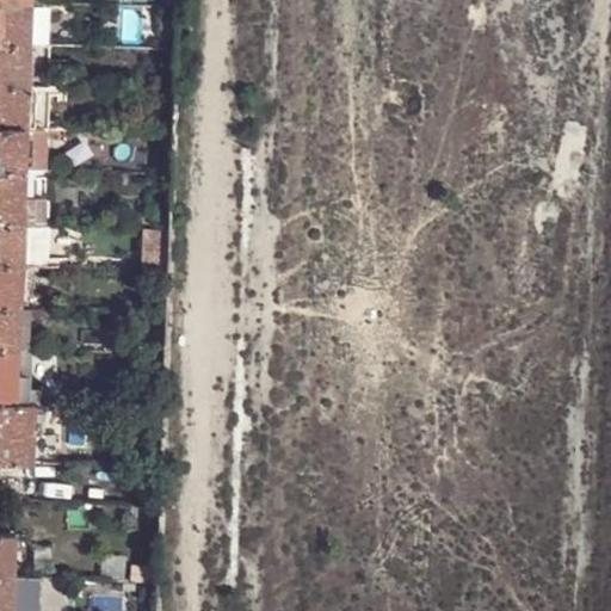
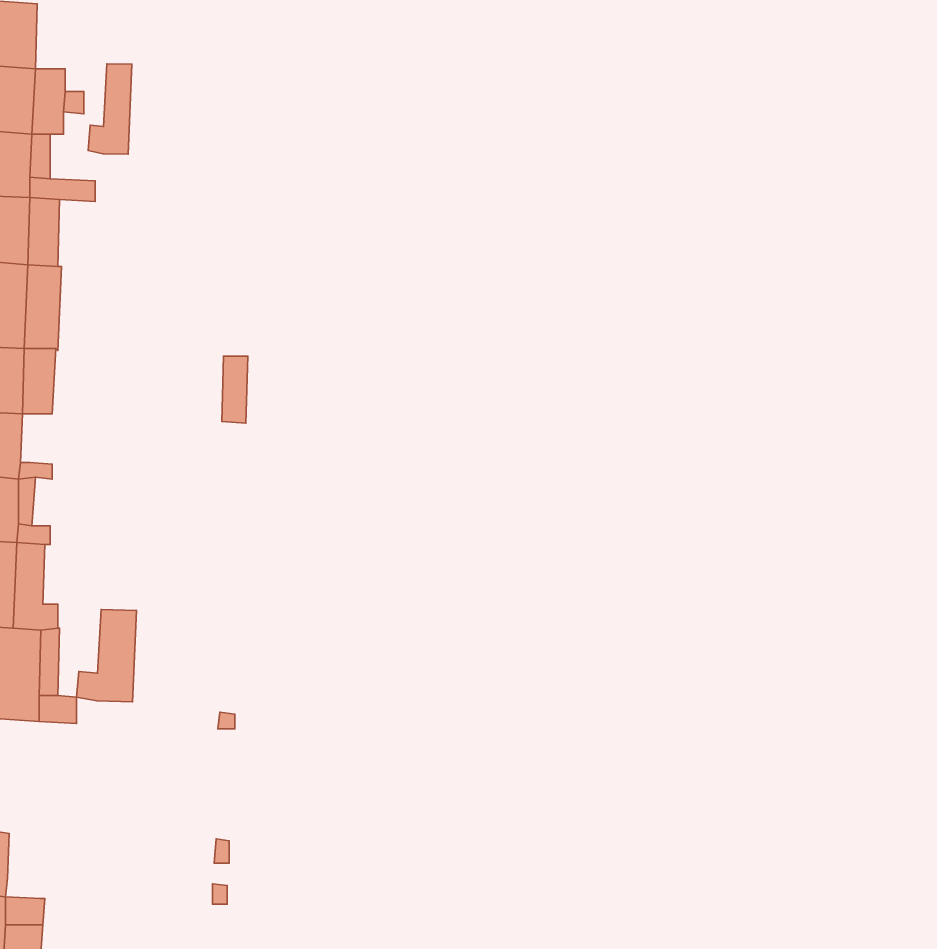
building: none -> [88,64,132,154]
building: none -> [76,610,136,702]

